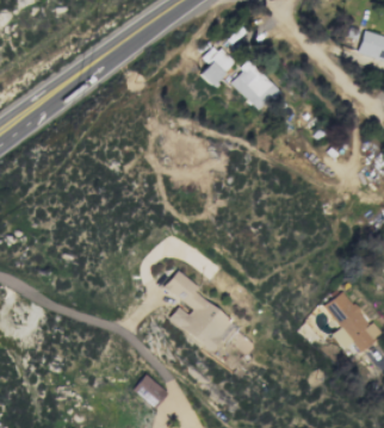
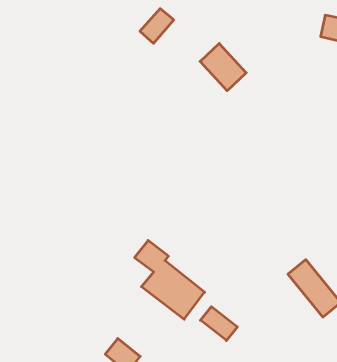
building: [199,49,235,86] -> [140,9,174,43]
building: none -> [200,307,237,341]

